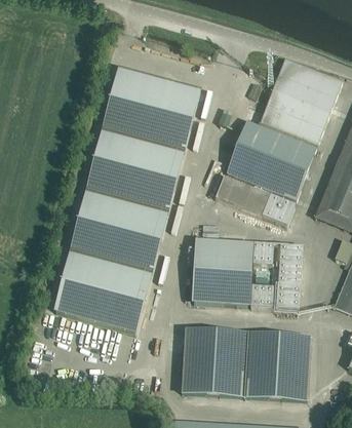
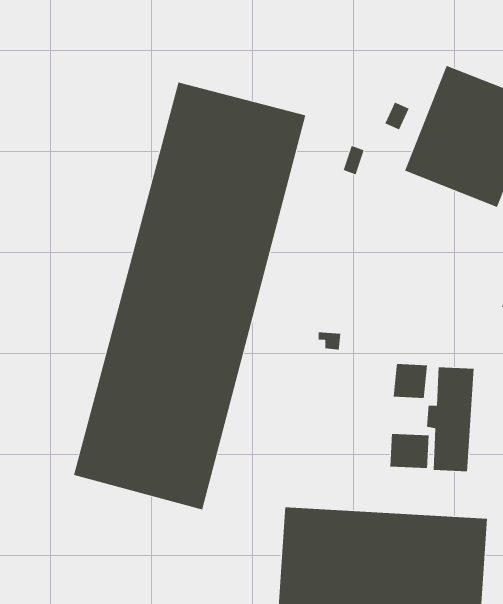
building: [216,120,316,225] -> none
building: [194,238,251,305] -> none

